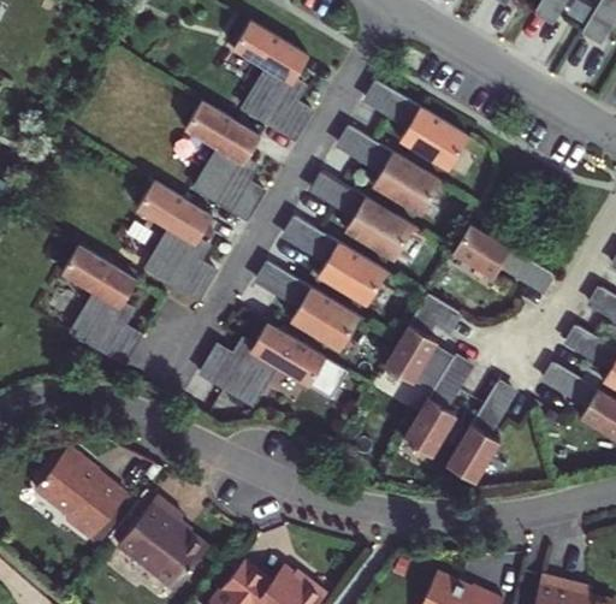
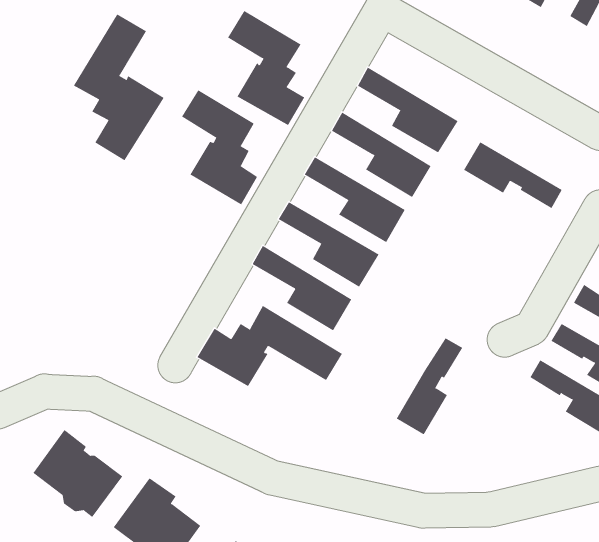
building: none -> [73,13,164,161]
building: [137,183,217,301] -> none
building: [452,221,553,290] -> [463,141,562,209]
building: [61,245,141,365] -> none
building: [385,292,461,389] -> none
building: [449,380,516,480] -> none

